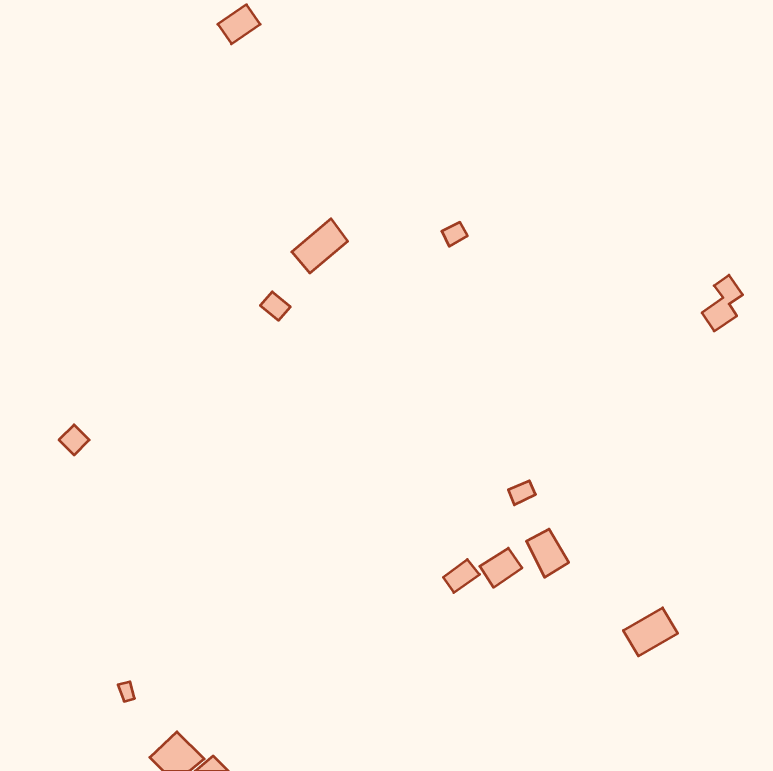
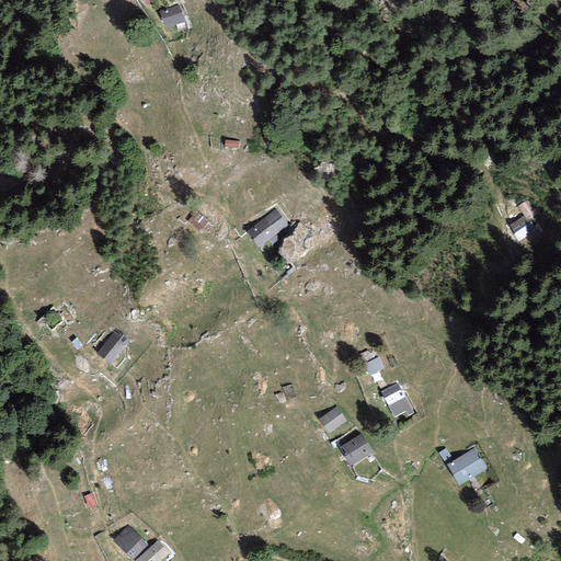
building: [292,219,348,273] -> [248,207,288,247]
building: none -> [95,329,130,365]
building: [480,548,522,587] -> [339,437,369,466]

